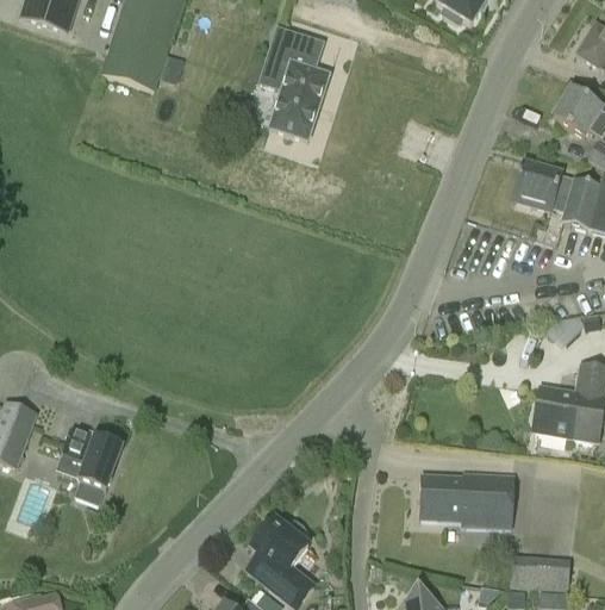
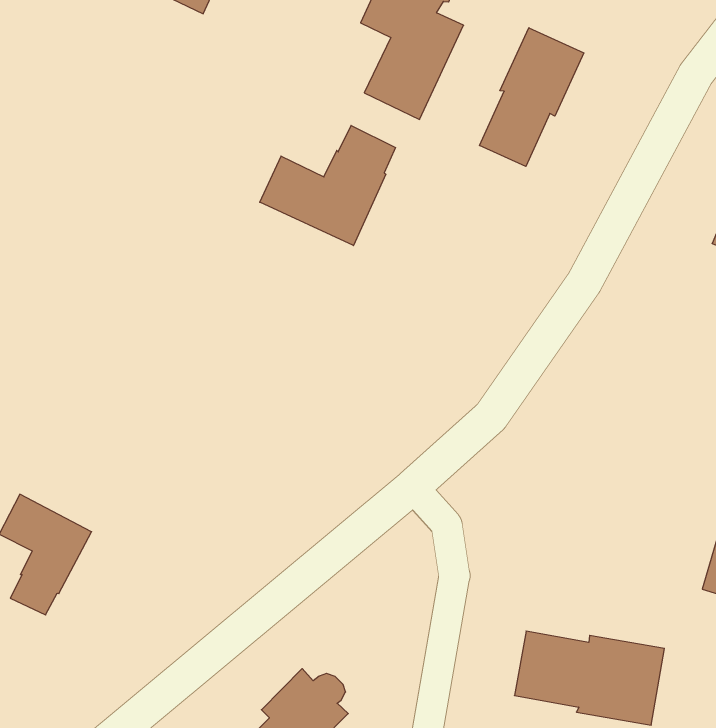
building: none -> [480,28,584,166]
building: none -> [260,125,396,246]

